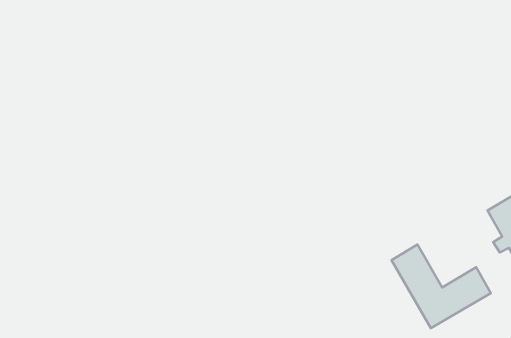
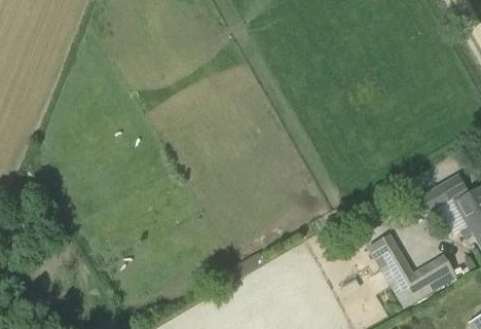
building: none -> [414,179,454,214]

